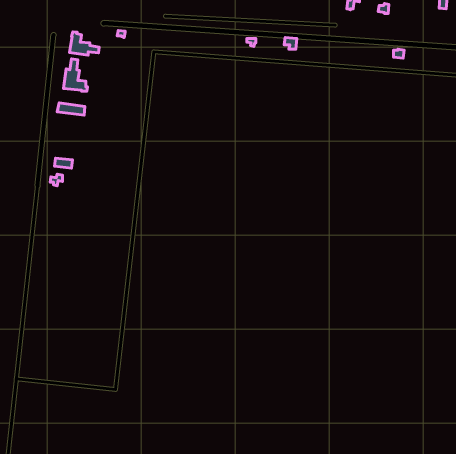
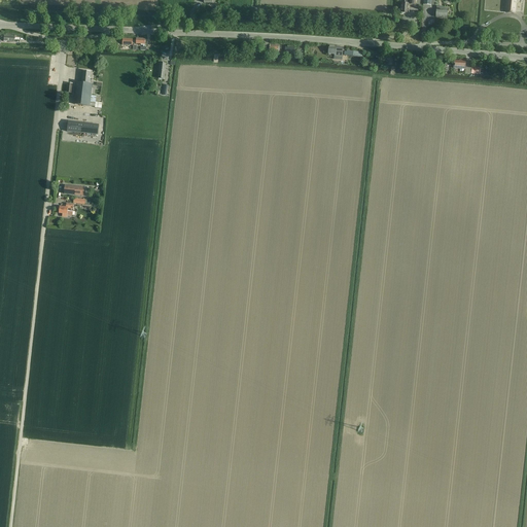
building: [69,32,99,55] -> none

